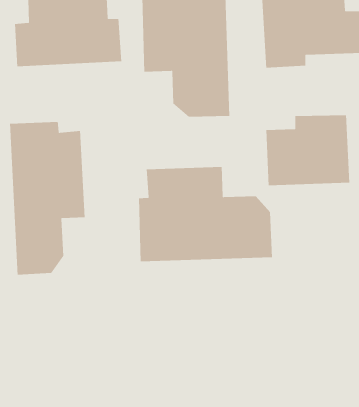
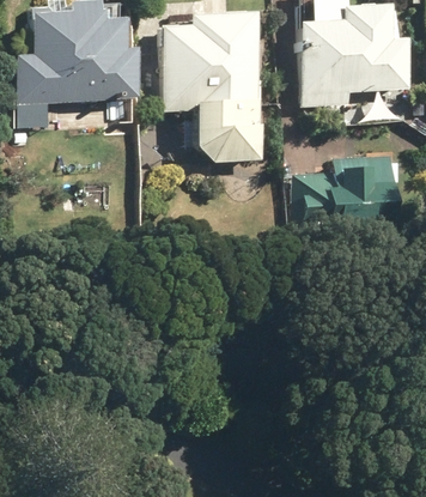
building: [9,121,86,276] -> none
building: [138,166,273,262] -> none

